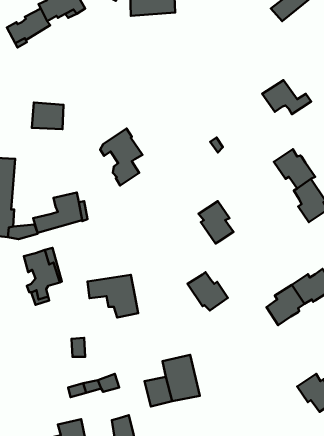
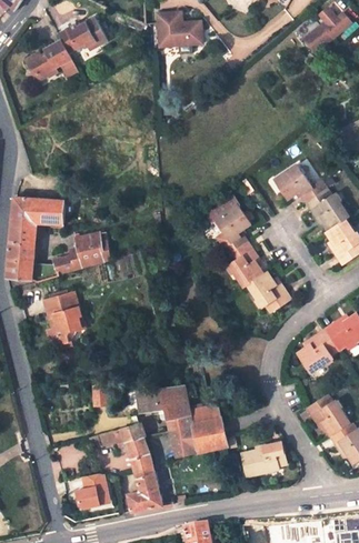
building: [262,80,311,114] -> [275,165,326,201]
building: [32,103,64,129] -> [32,198,66,225]
building: [100,128,142,186] -> [206,195,250,255]
building: [188,272,228,310] -> [248,272,290,312]
building: [87,275,138,317] -> [139,386,192,431]
building: none -> [308,394,350,436]
building: none -> [127,438,153,470]
building: none -> [240,441,287,476]

